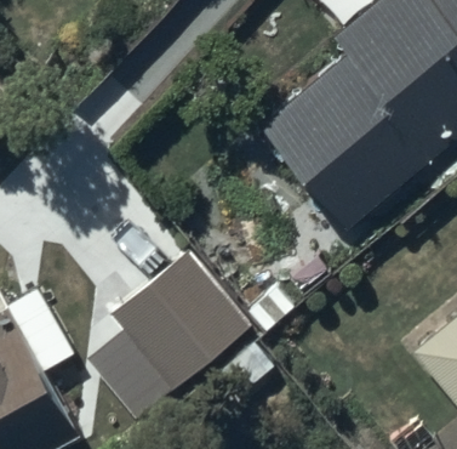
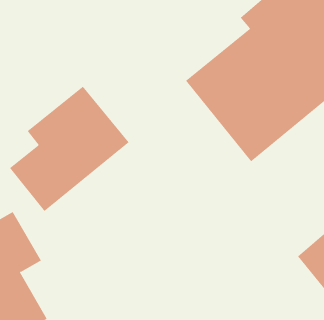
building: [91,254,249,419] -> [9,86,129,212]

